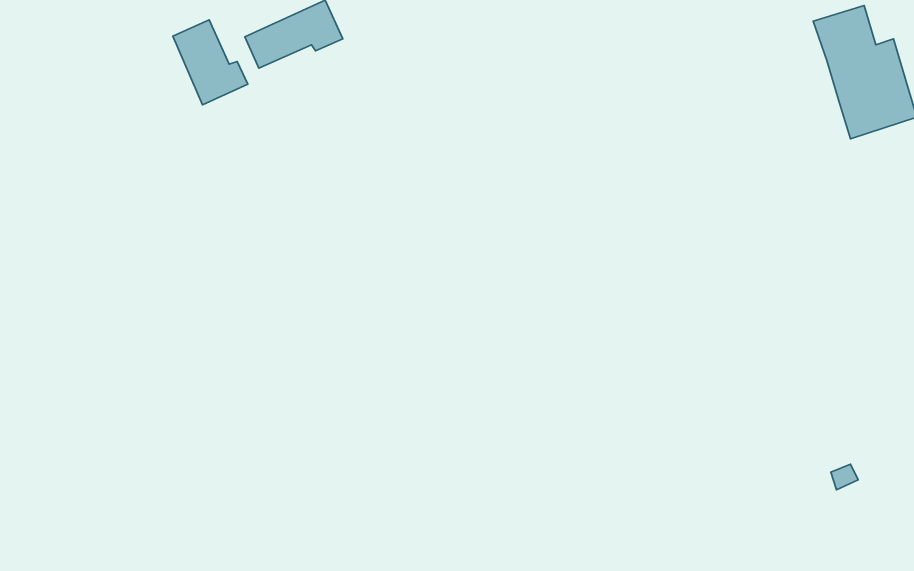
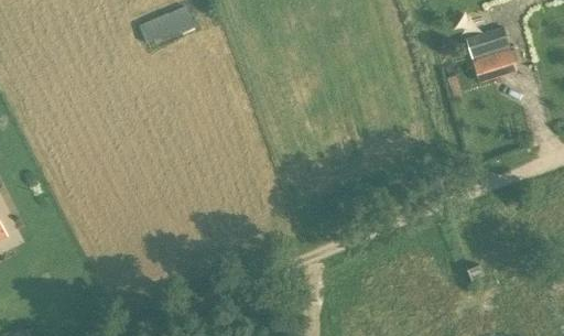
building: [173,20,248,105] -> none

